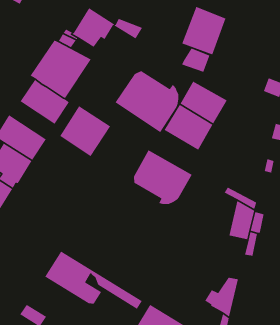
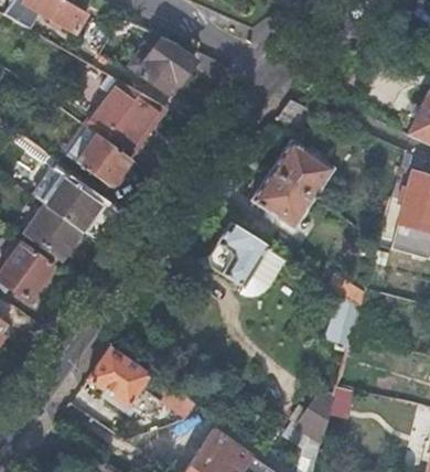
building: [181,6,227,56] -> none
building: [114,70,179,133] -> none
building: [59,105,111,157] -> none

